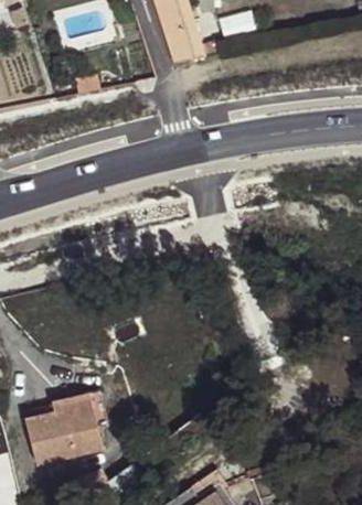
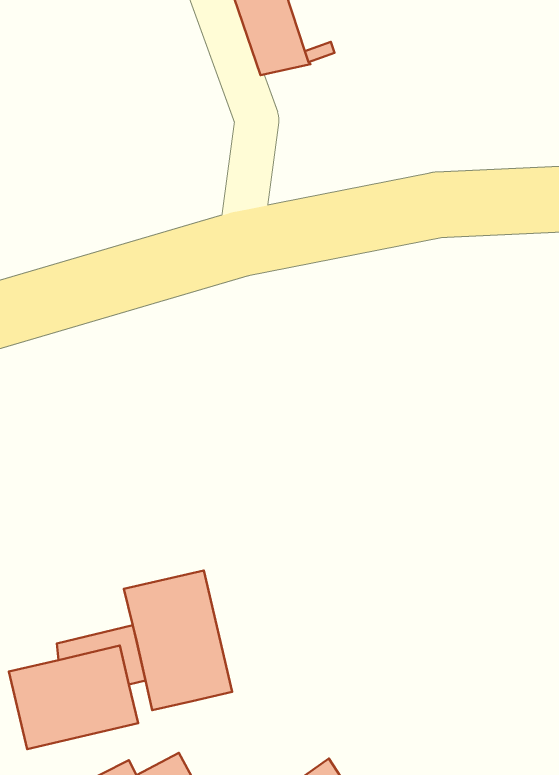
building: none -> [124,570,232,710]

